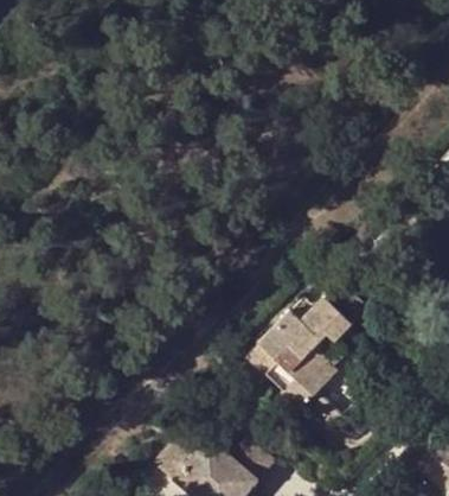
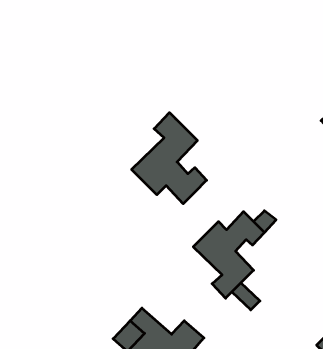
building: none -> [132,113,207,204]

